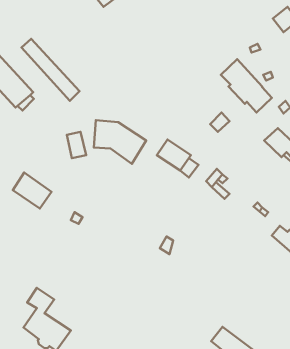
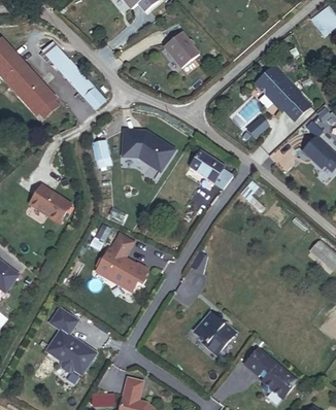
building: none -> [164,33,199,69]
building: none -> [96,233,146,292]
building: none -> [195,312,236,354]

